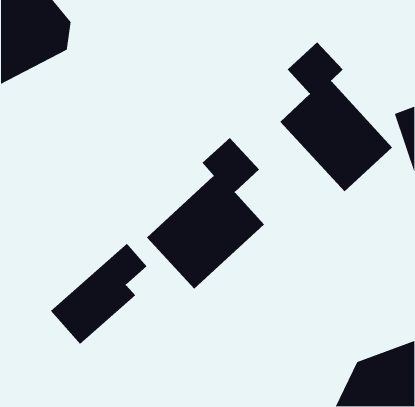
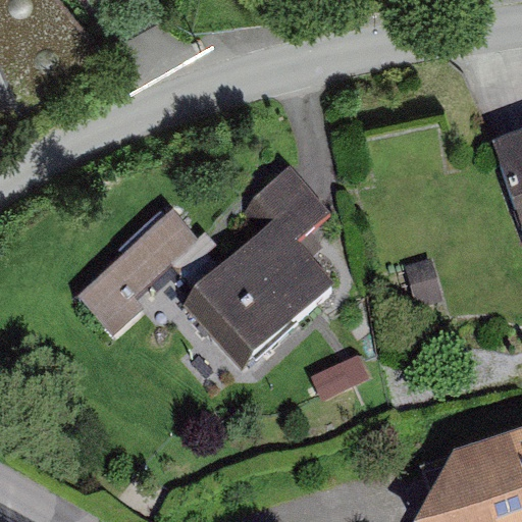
building: [280,42,393,192] -> none
building: [50,243,148,345] -> [73,208,196,336]

